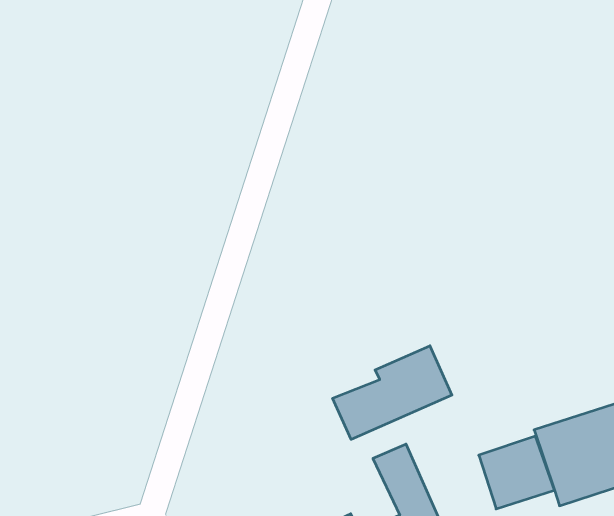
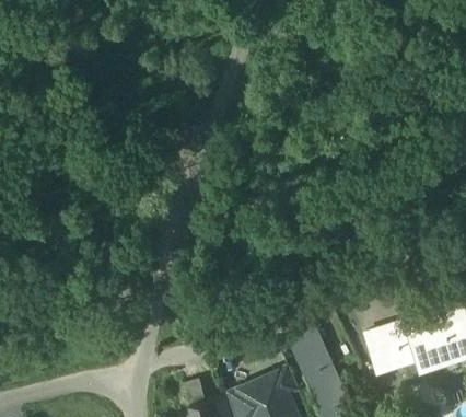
building: [333,346,452,439] -> none

